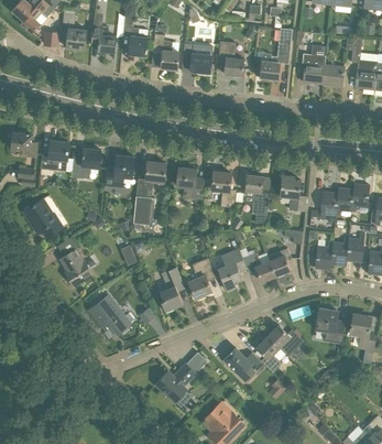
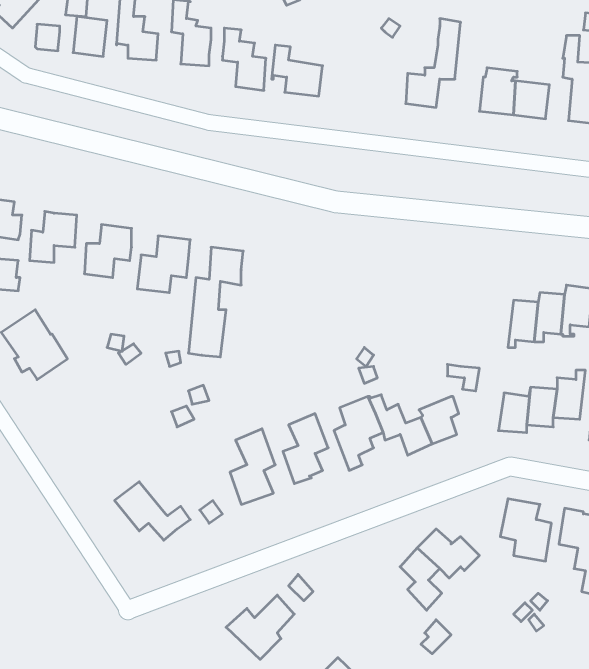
building: [218,41,243,76] -> none
building: [176,167,204,199] -> none
building: [211,171,236,207] -> none
building: [244,174,269,224] -> none
building: [280,176,306,212] -> none
building: [59,248,94,286] -> none
building: [223,347,261,381] -> none

